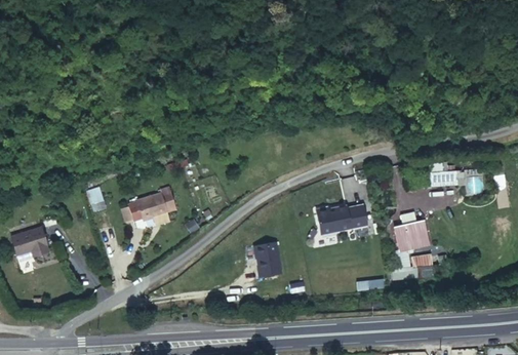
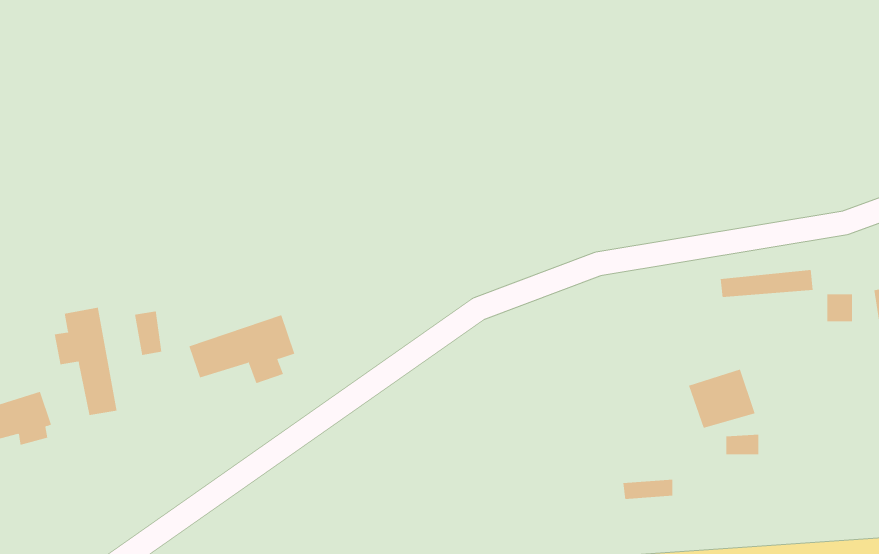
building: none -> [54,307,117,416]
building: [313,203,364,233] -> none
building: [251,242,279,277] -> none

